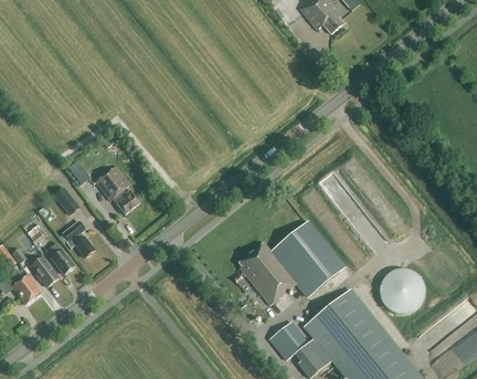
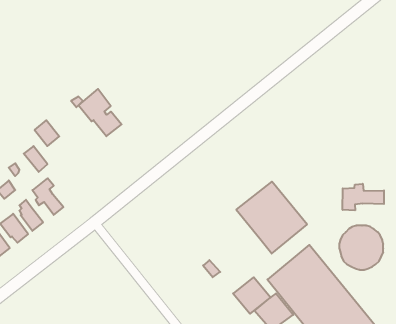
building: [96,166,140,214] -> [79,89,122,136]
building: none -> [343,184,384,210]
building: [234,242,297,304] -> none

